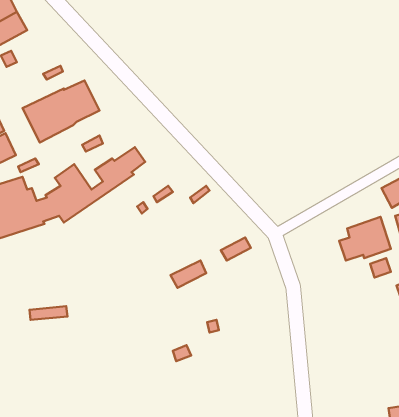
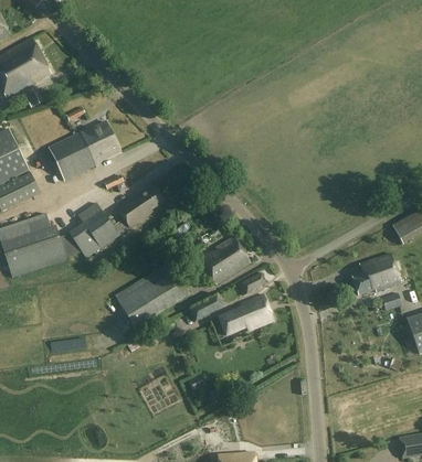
building: none -> [199,236,251,284]
building: none -> [115,261,192,327]
building: none -> [218,294,274,335]

